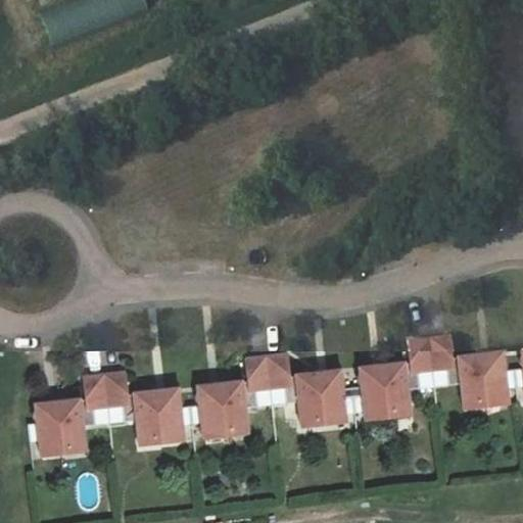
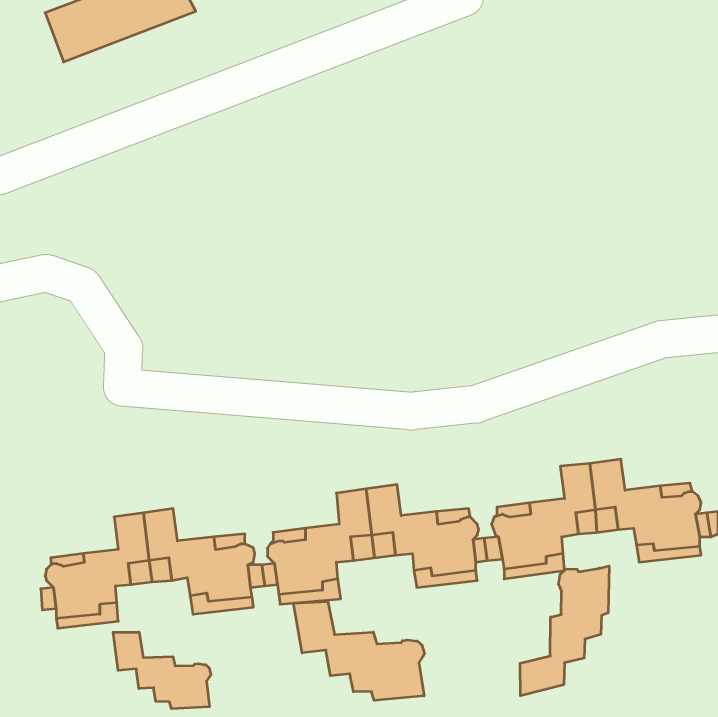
building: none -> [520,566,609,696]
building: none -> [294,601,424,700]
building: none -> [113,632,211,709]

